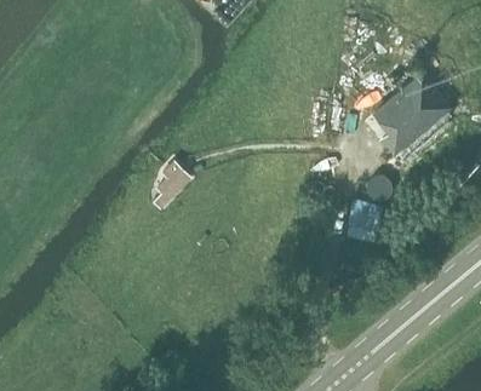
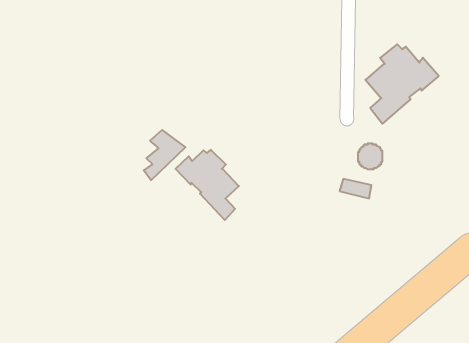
building: none -> [176,150,239,220]

